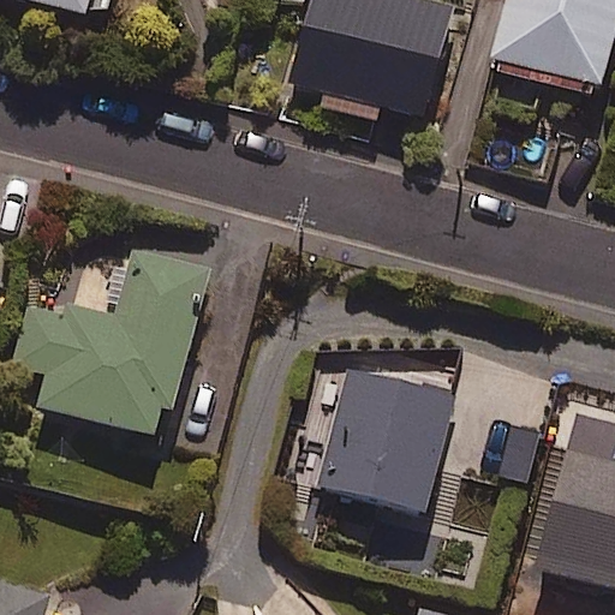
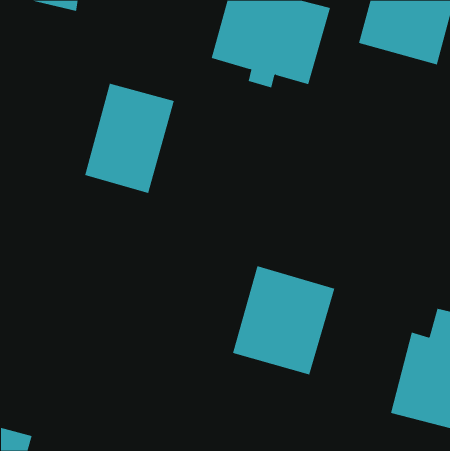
building: none -> [84,83,175,194]
building: [13,251,208,436] -> none

